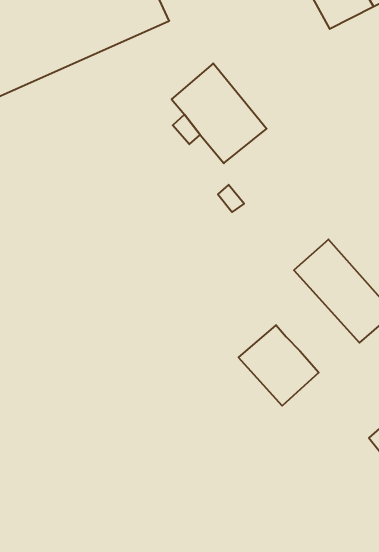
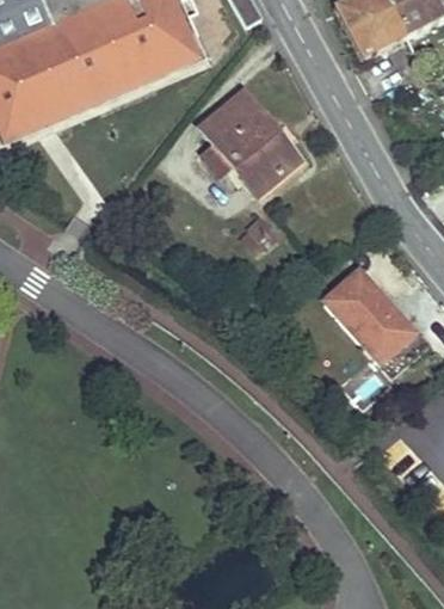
building: [239,325,319,406] -> none

